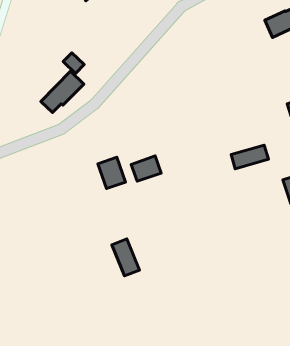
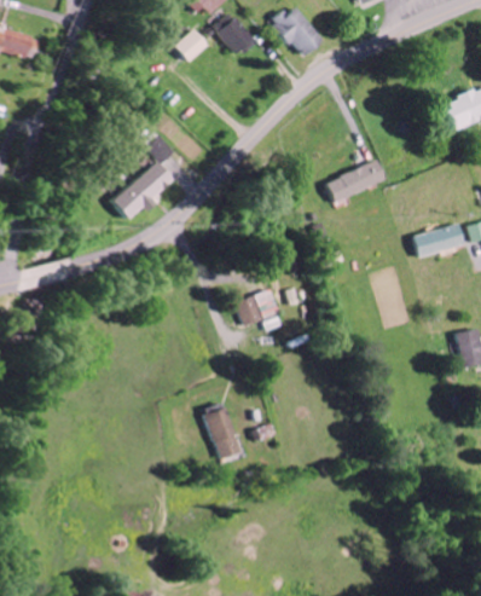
building: none -> [324,160,383,203]
building: [231,145,268,169] -> [410,225,463,256]
building: [98,157,125,189] -> none

